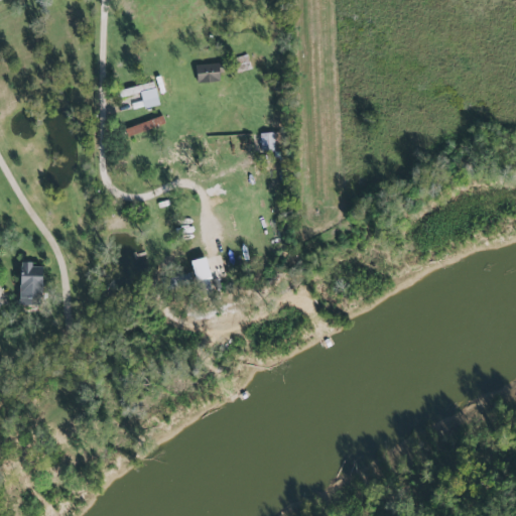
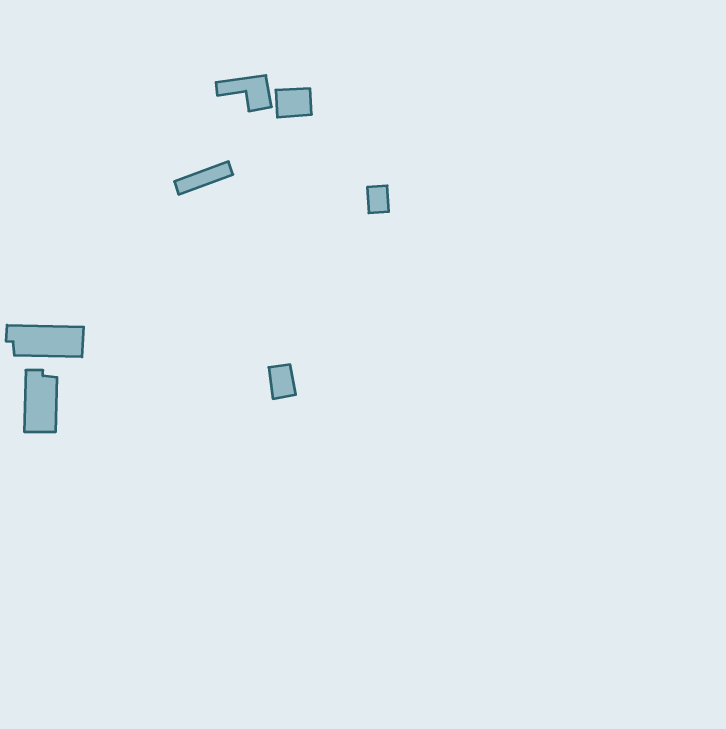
building: [122,83,161,108] -> [216,75,272,111]
building: none -> [6,325,84,357]

